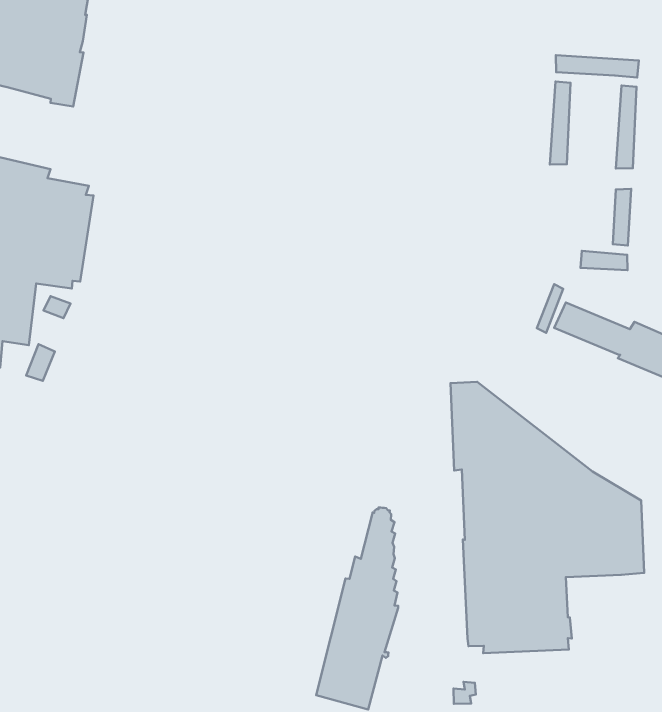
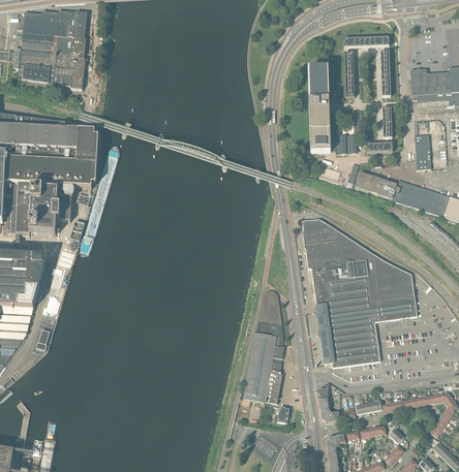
building: none -> [309,68,357,153]

